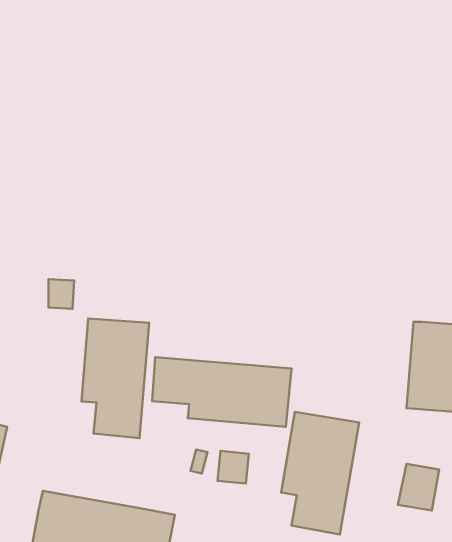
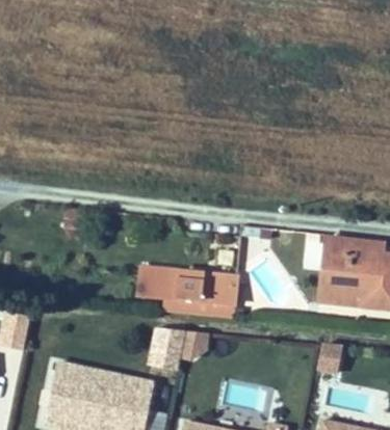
building: [81,318,149,438] -> none
building: [281,412,359,534] -> none

